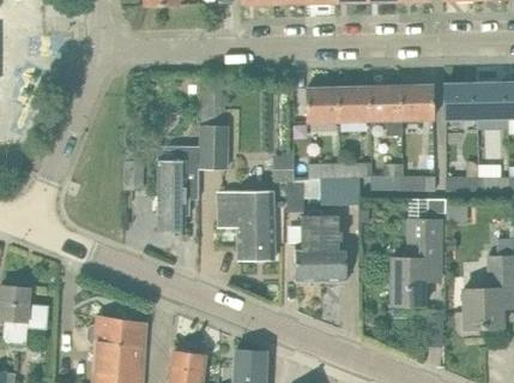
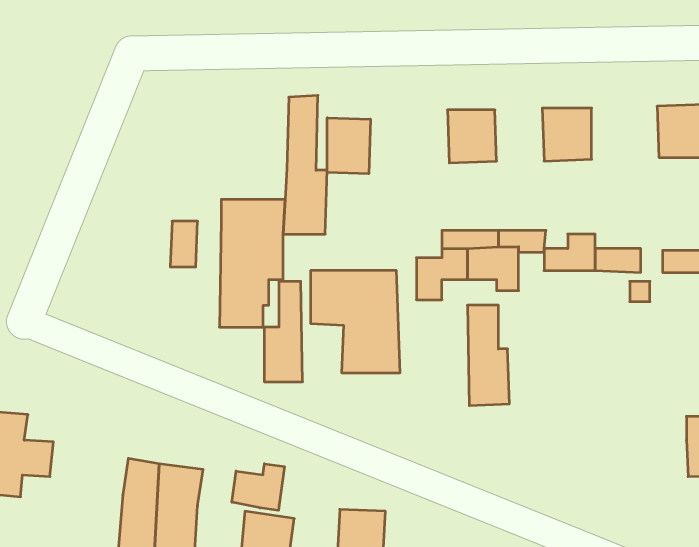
building: [401,85,434,120] -> none
building: [338,86,370,121] -> none
building: none -> [327,118,370,174]
building: [296,216,321,282] -> [264,281,303,382]
building: [392,220,441,306] -> none
building: none -> [232,464,284,510]

